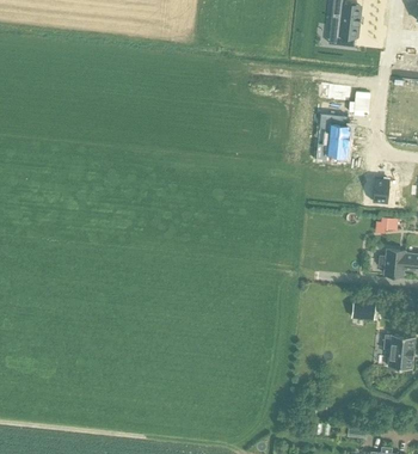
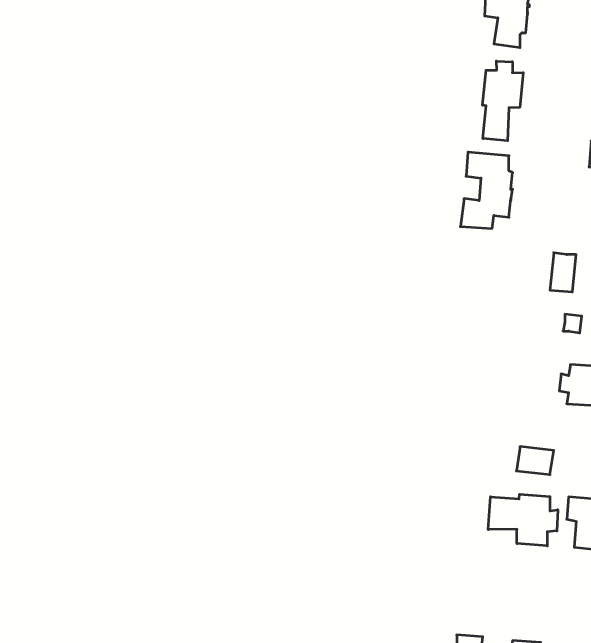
building: none -> [483,61,523,141]
building: none -> [488,494,558,546]

